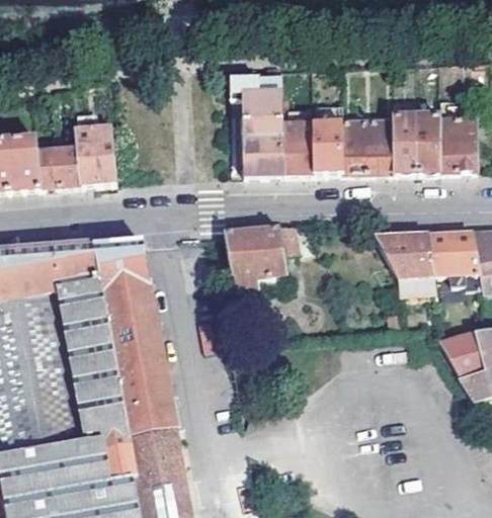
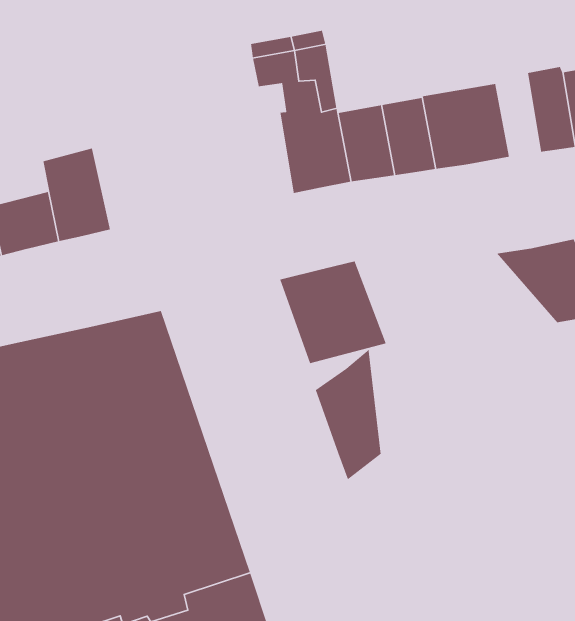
building: [391,104,415,172] -> none
building: none -> [315,349,382,480]

